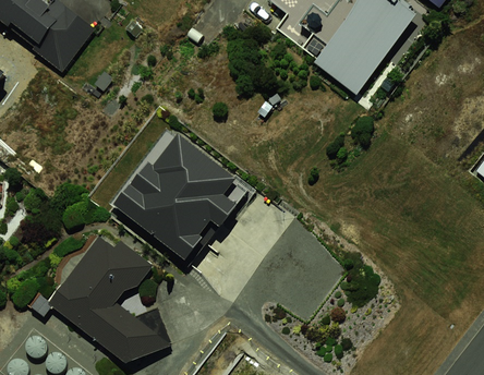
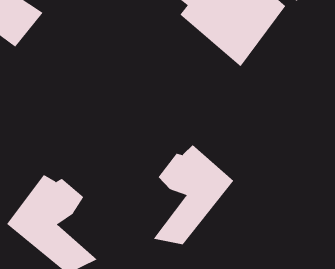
building: [116,136,237,255] -> none
building: none -> [153,144,234,245]

